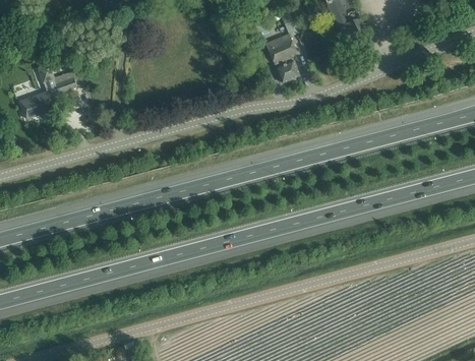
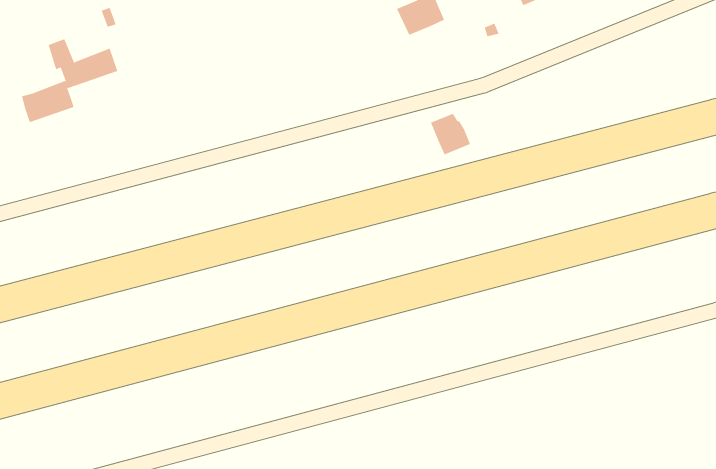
building: [272,54,298,81] -> [430,113,471,155]

